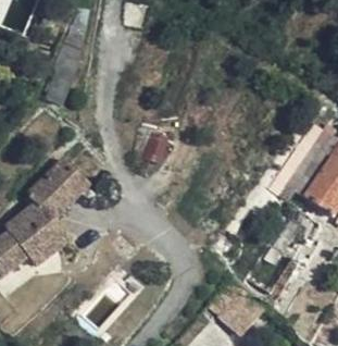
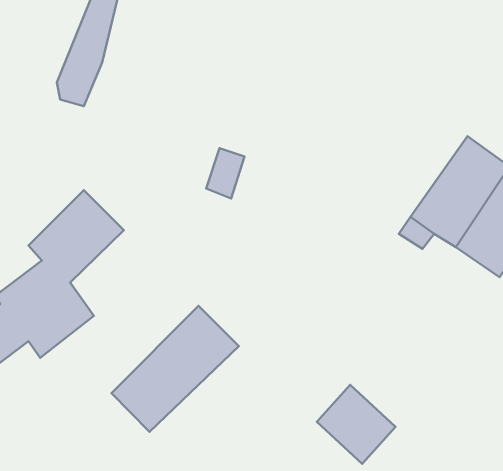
building: none -> [112,306,239,432]

